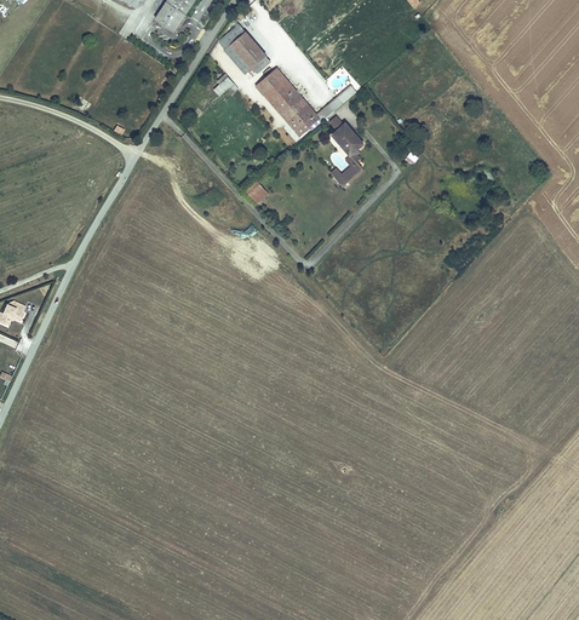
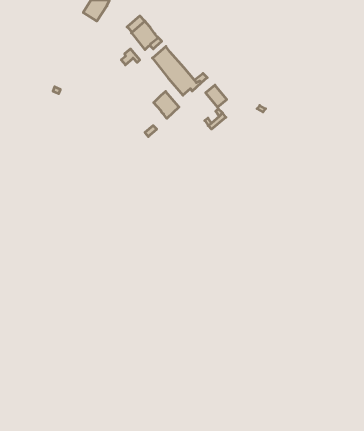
building: none -> [154,91,179,118]

